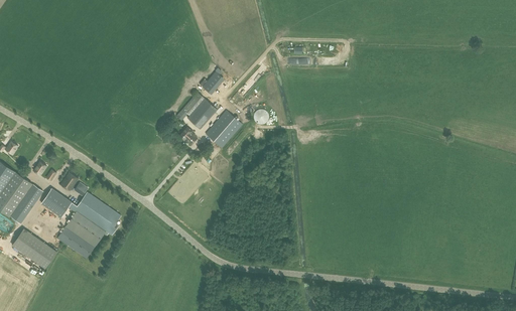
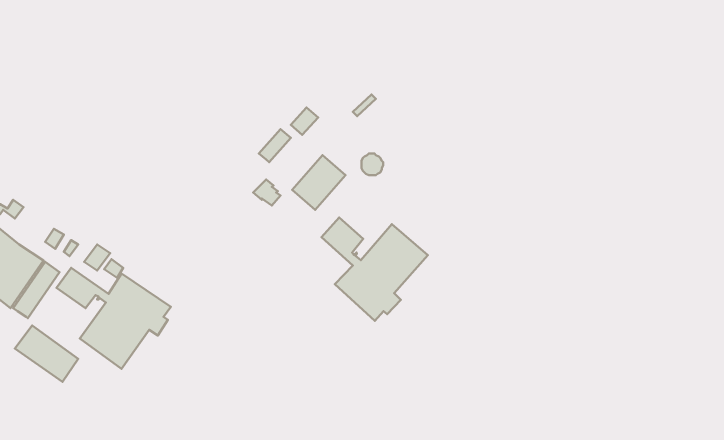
building: [186,98,217,129] -> none
building: none -> [322,217,428,321]

